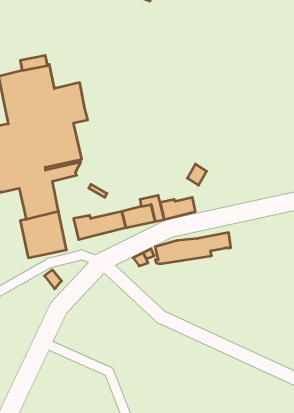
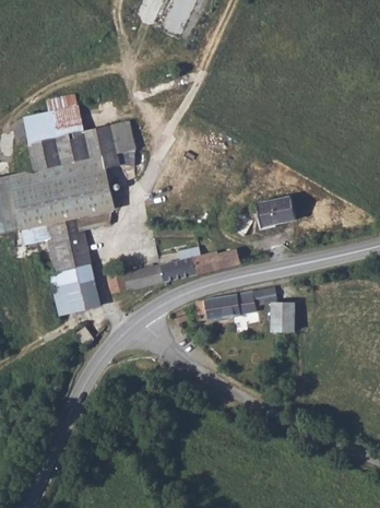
building: none -> [114,120,136,152]
building: none -> [256,196,294,227]
building: none -> [272,303,294,332]

